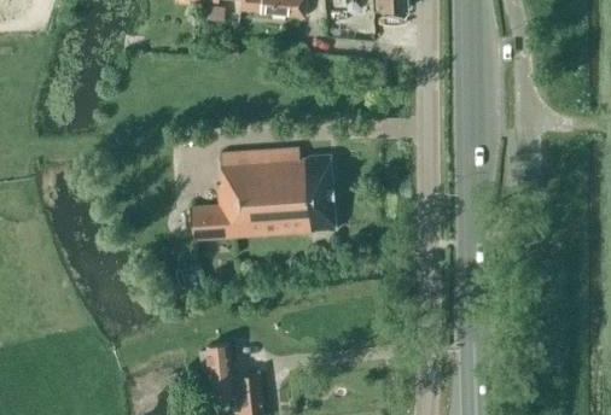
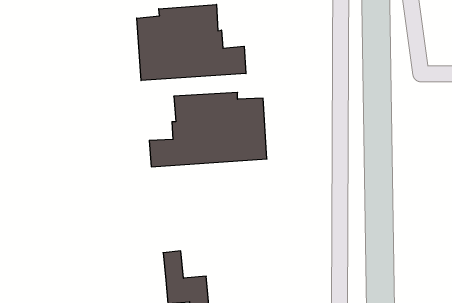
building: none -> [137,4,246,81]

